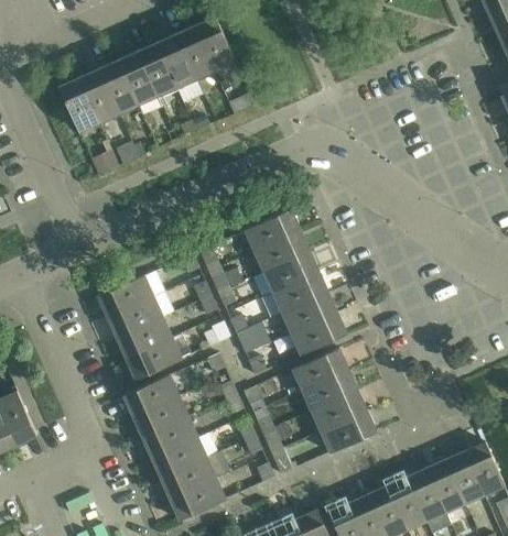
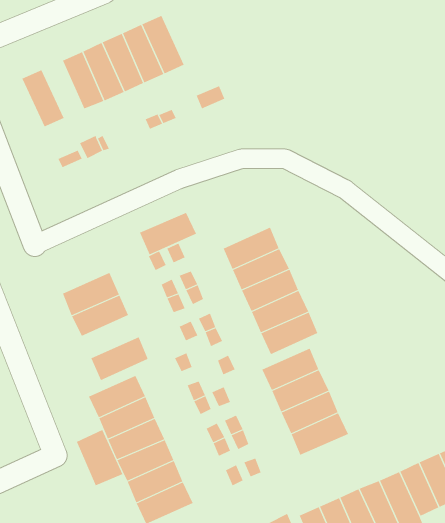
building: [195,15,237,73] -> none
building: [78,68,119,124] -> none
building: [245,209,301,251] -> [139,212,197,255]
building: [117,316,173,358] -> none
building: none -> [76,429,123,486]

